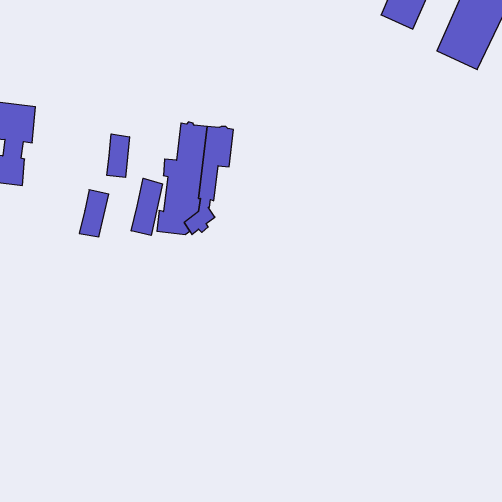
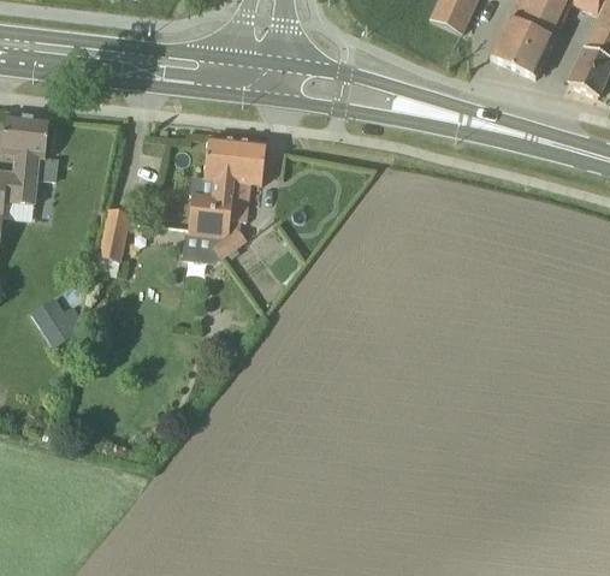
building: [107,134,129,177] -> none
building: [131,178,162,235] -> none
building: none -> [30,296,81,346]

